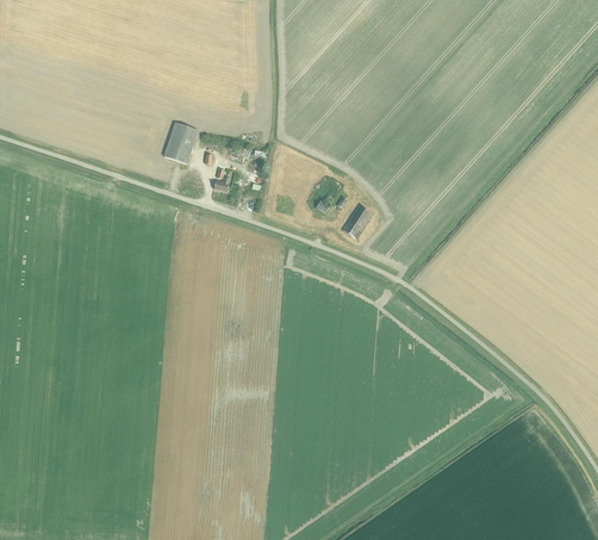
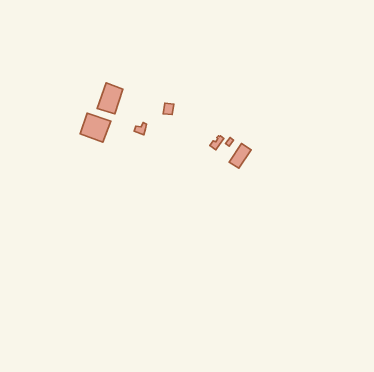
building: none -> [80,113,111,142]

